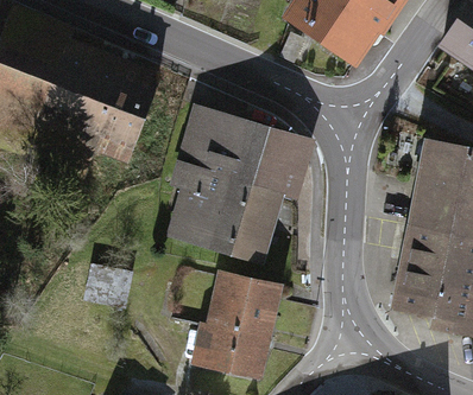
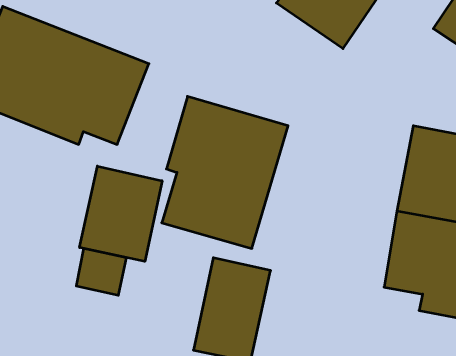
building: none -> [80,166,162,261]

